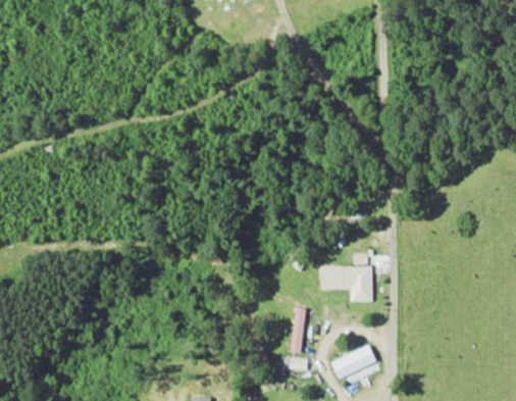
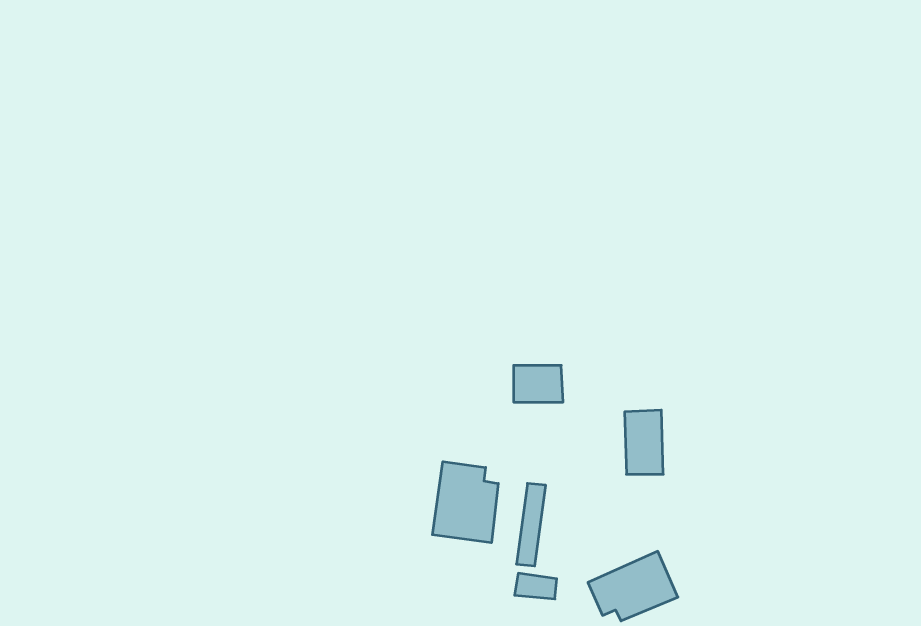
building: [322,267,350,288] -> [514,365,563,402]
building: none -> [432,462,498,543]

